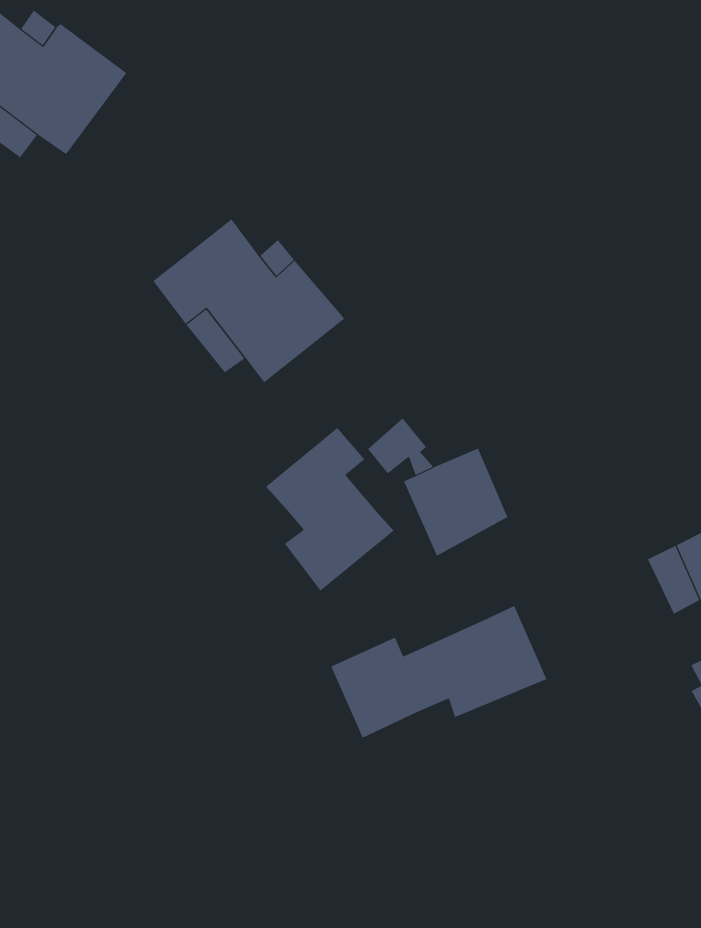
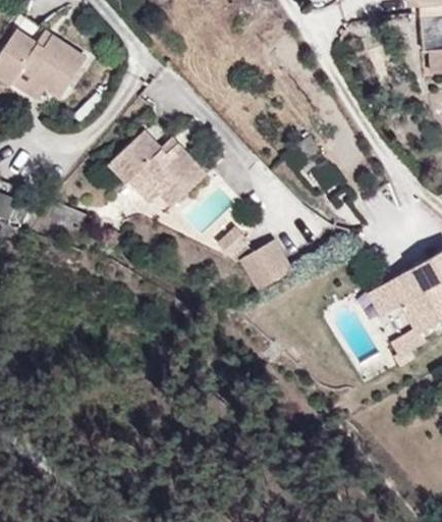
building: [265,427,394,592] -> none
building: [330,605,547,738] -> none

